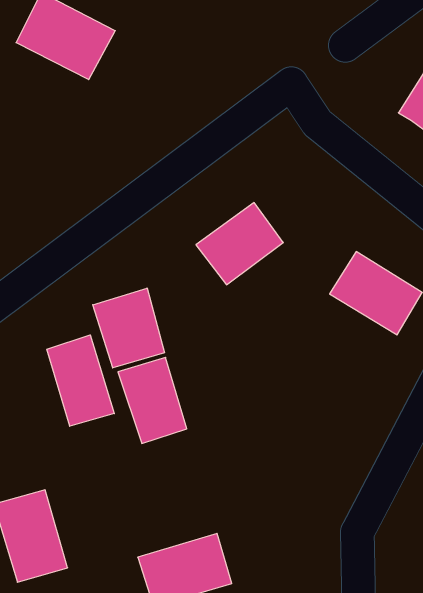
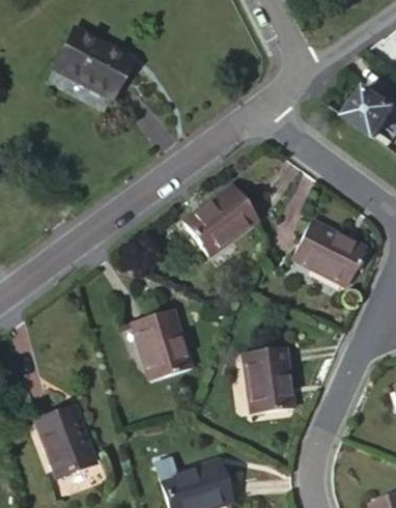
building: [93,288,165,368] -> none
building: [47,335,114,426] -> none
building: none -> [241,346,287,417]

